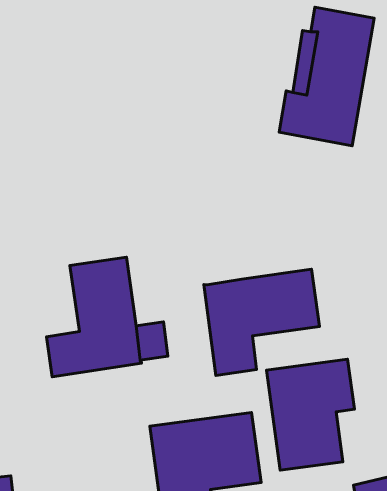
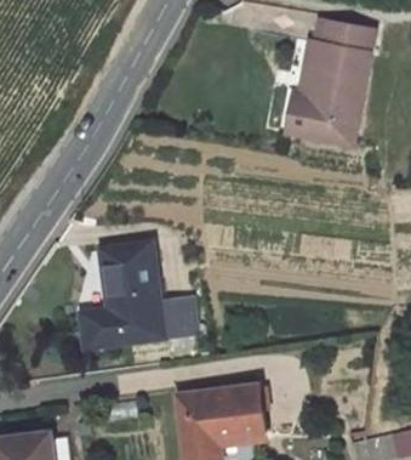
building: [204,269,319,375] -> none
building: [266,359,354,470] -> none

